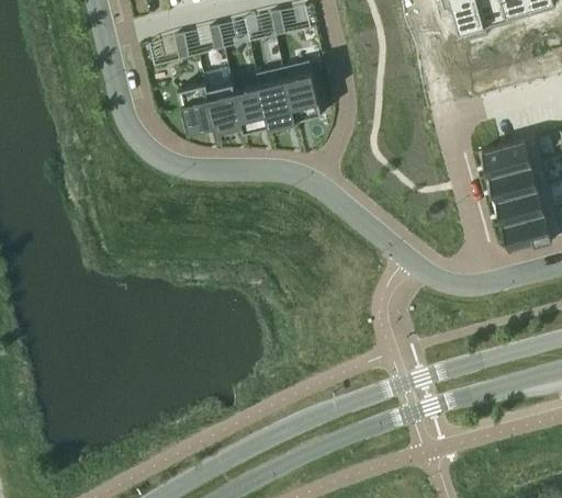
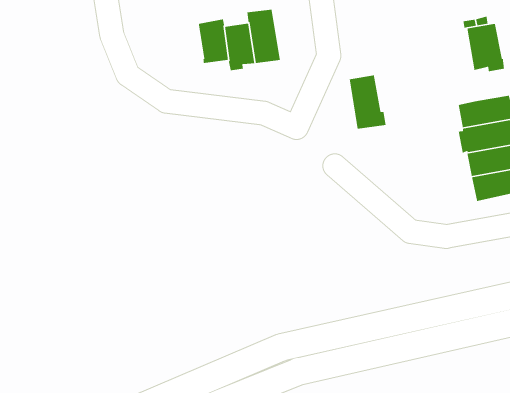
building: [282,59,325,118] -> [349,75,386,131]
building: none -> [466,23,505,72]
building: [178,80,215,129] -> none

